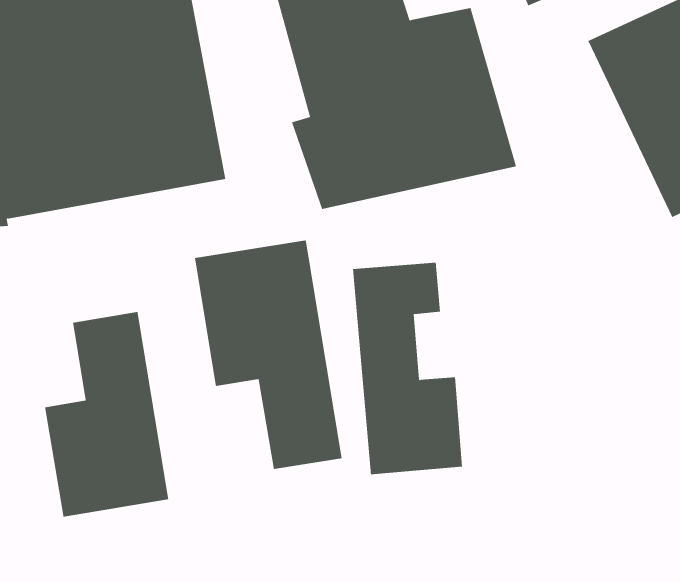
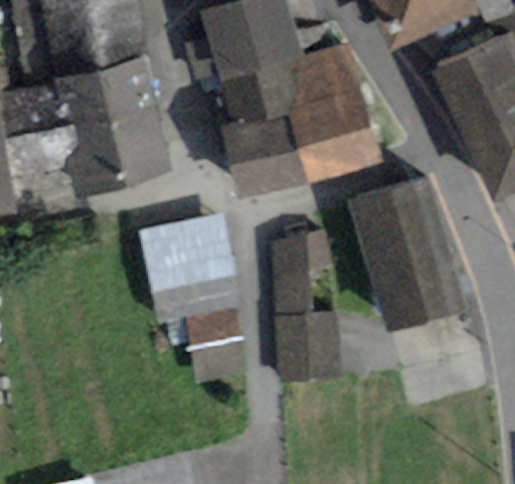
building: none -> [348,176,465,330]
building: [45,311,169,518] -> none

